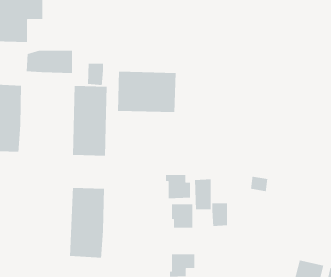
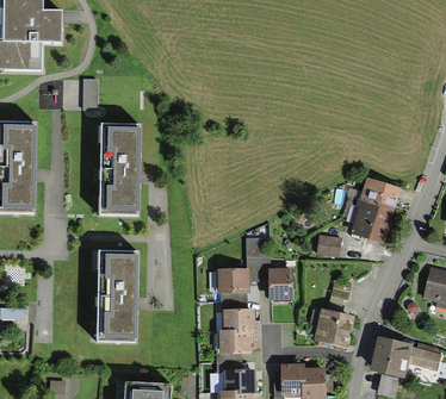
building: [87,63,104,86] -> none
building: [117,71,176,113] -> none
building: none -> [352,180,397,241]
building: [165,174,191,199] -> [221,301,253,332]
building: none -> [317,311,352,344]

